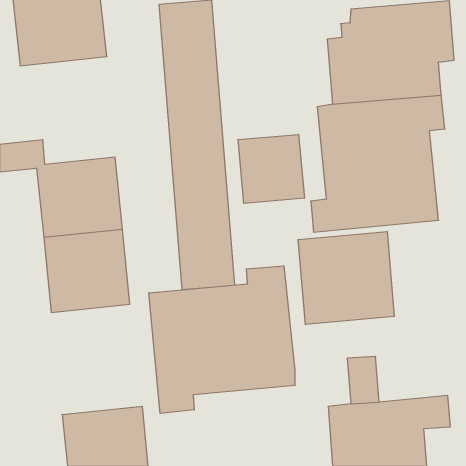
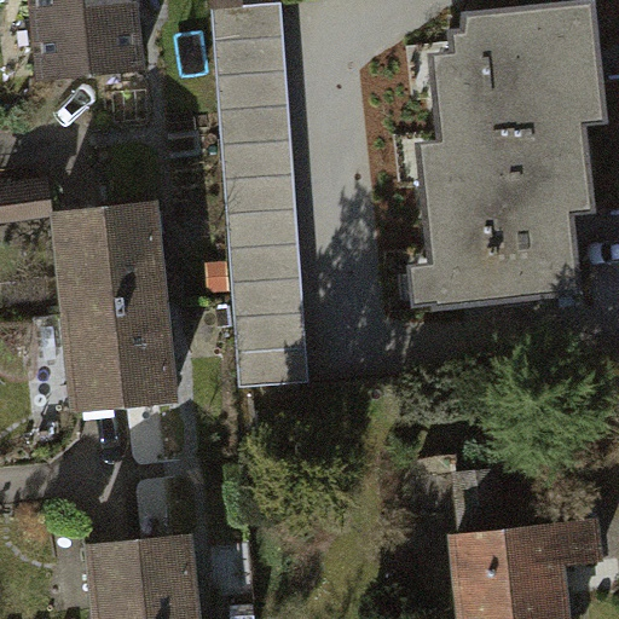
building: [238,134,304,203] -> none
building: [298,231,394,325] -> none
building: [149,266,295,413] -> none

